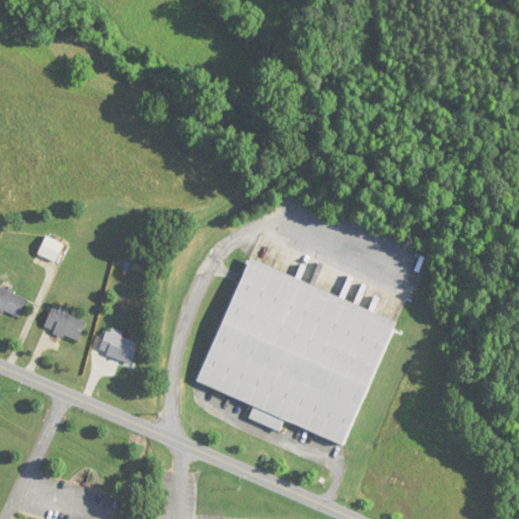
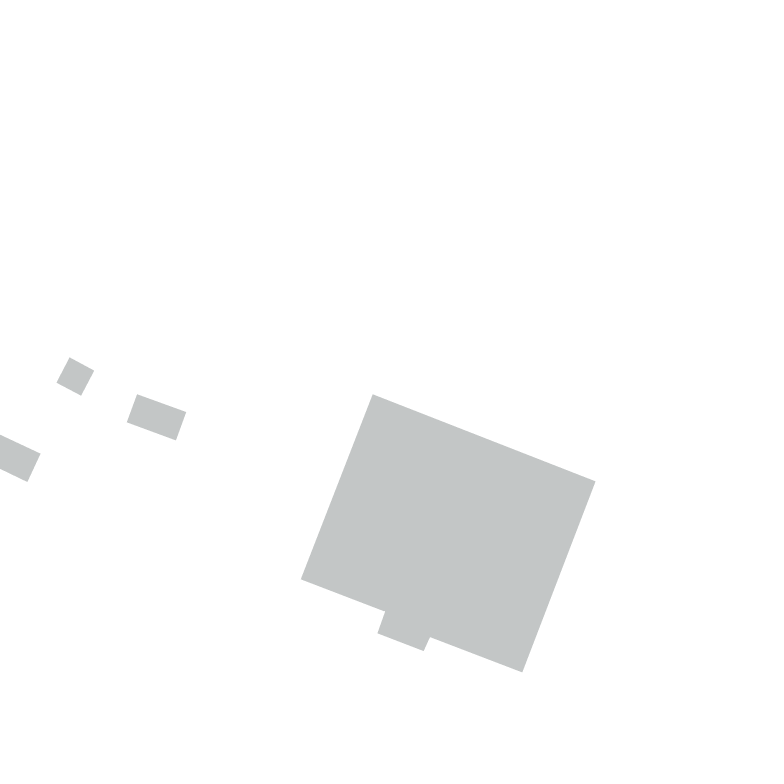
building: [44,308,84,340] -> [126,393,187,441]
building: [98,329,138,362] -> none

